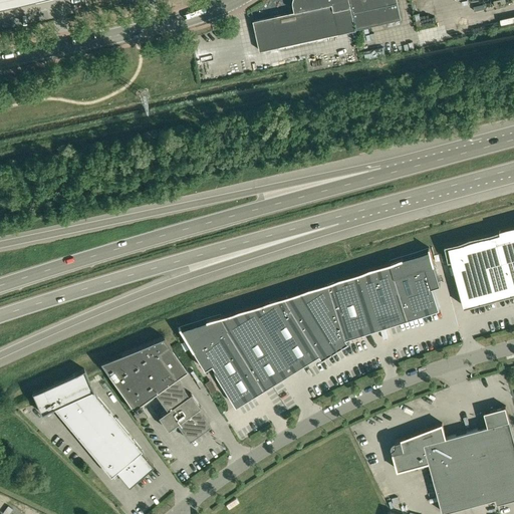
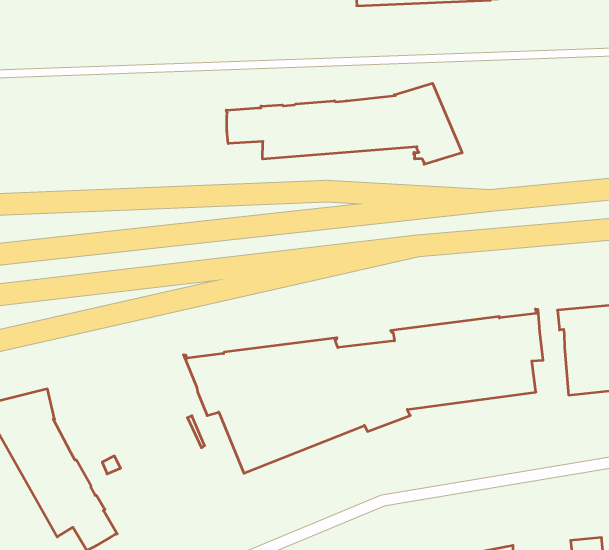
building: none -> [226,83,462,164]
building: [100,338,210,442] -> none

